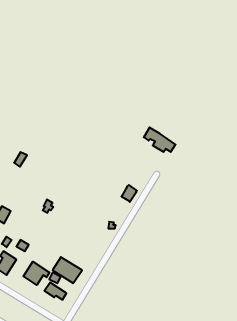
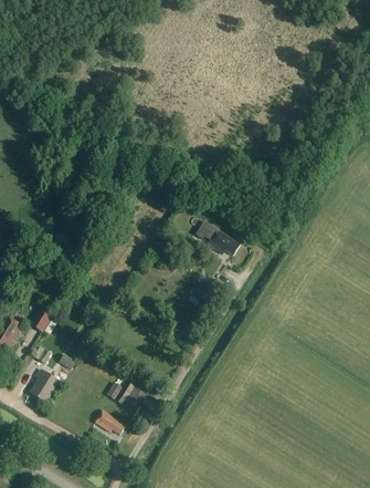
building: [144,127,176,152] -> [197,222,240,256]
building: [23,262,49,285] -> none

